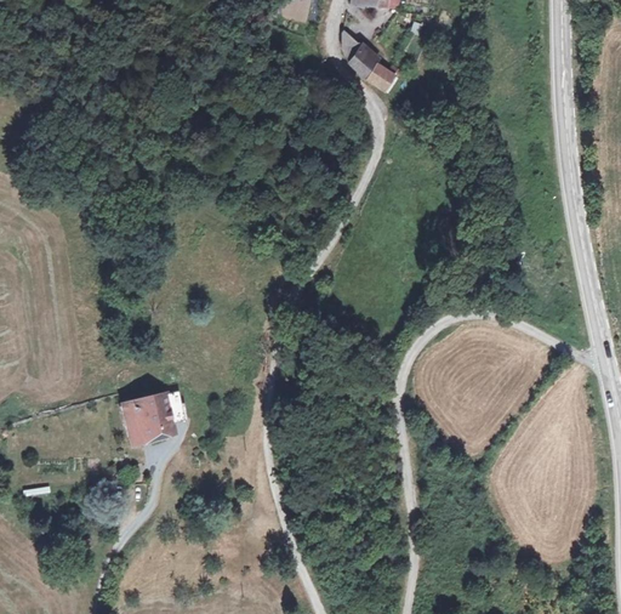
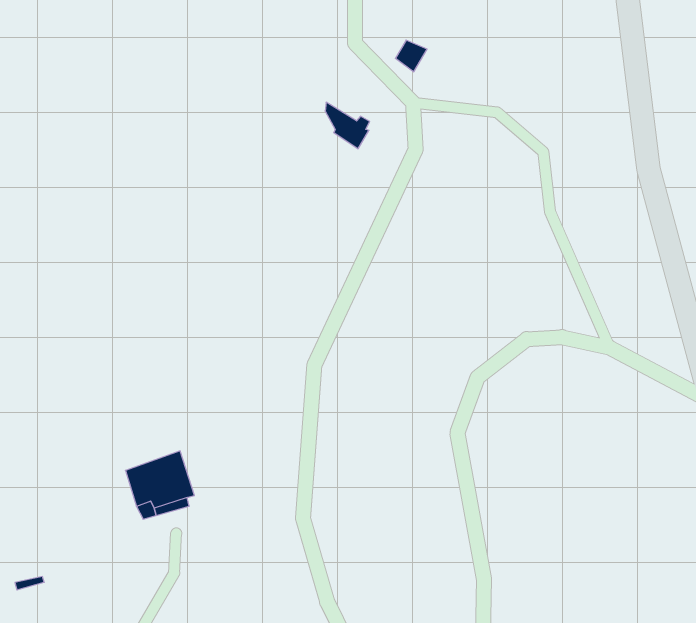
building: [340,35,376,75] -> [325,102,370,149]

